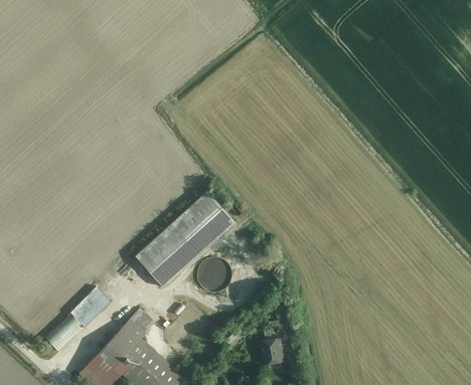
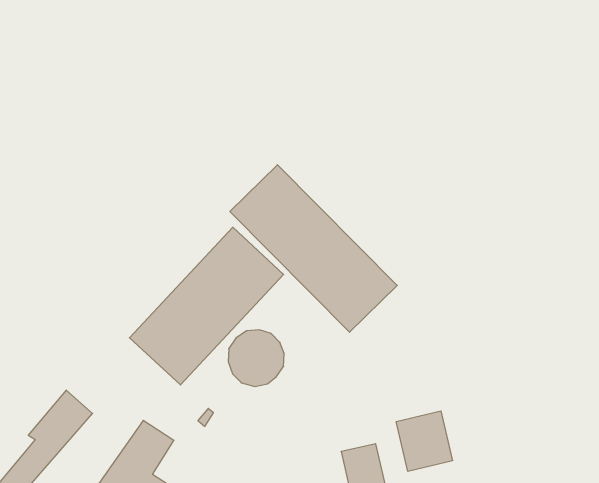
building: none -> [230,165,397,332]
building: none -> [396,411,452,471]

